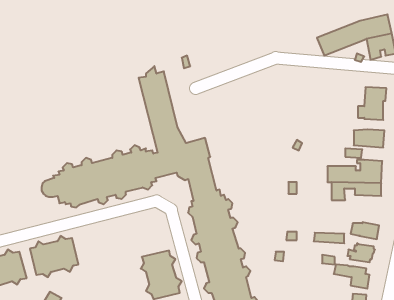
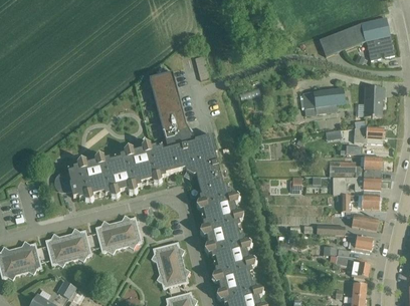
building: none -> [301,87,347,114]
building: none -> [341,195,379,215]
building: none -> [94,215,142,254]

